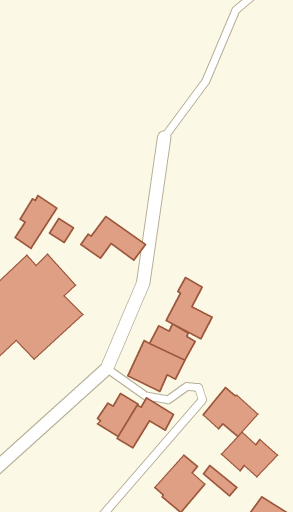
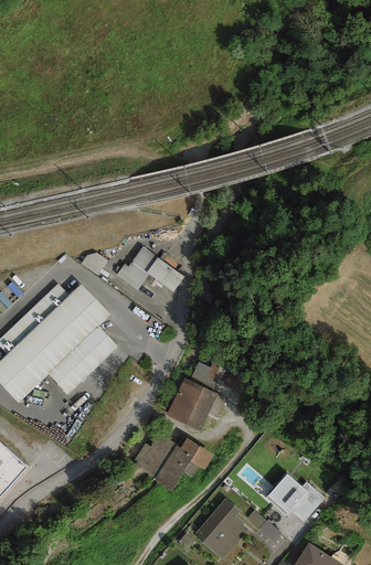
building: [15,196,57,248] -> none
building: [166,278,212,339] -> none
building: [203,387,258,437] -> none

